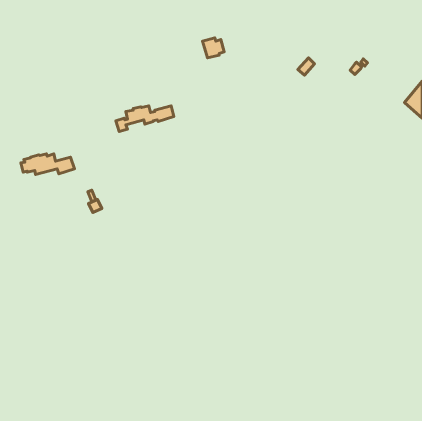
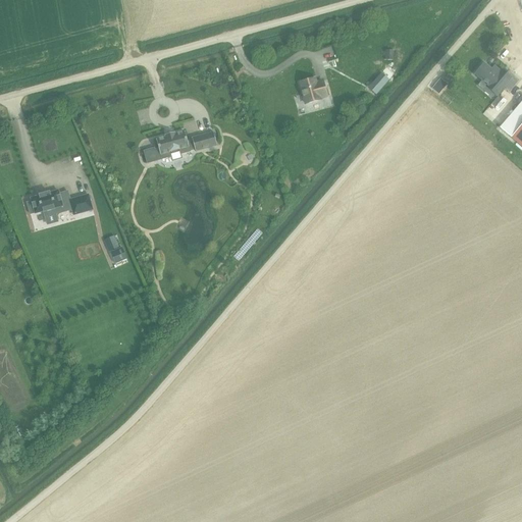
building: [203,38,224,58] -> [299,77,325,102]
building: none -> [474,62,510,94]

